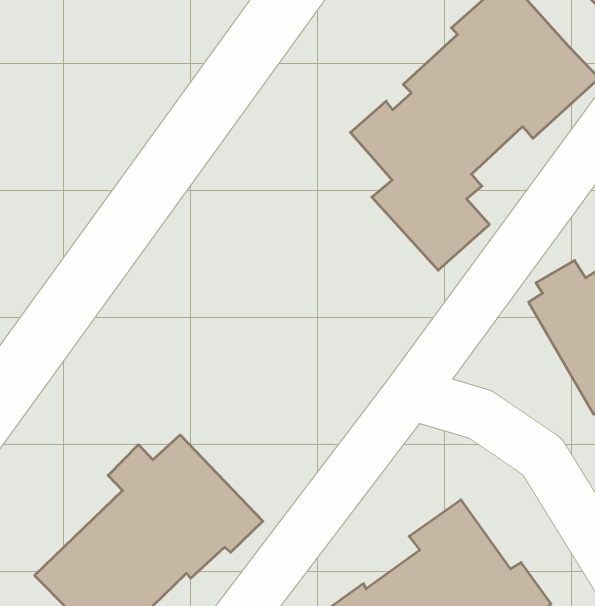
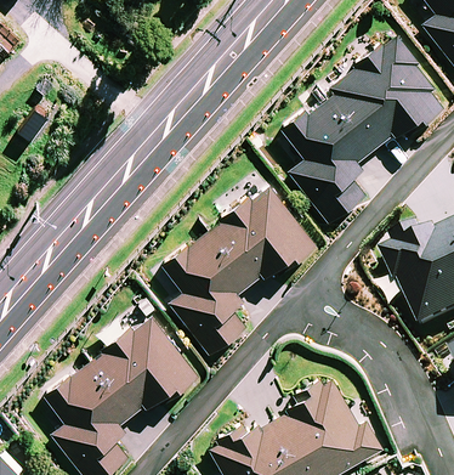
building: none -> [160,187,316,356]

